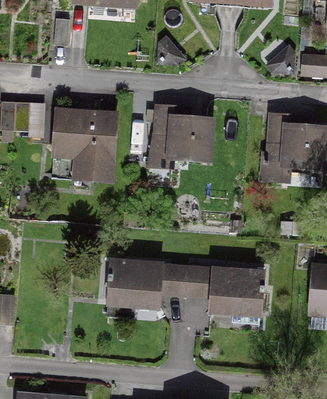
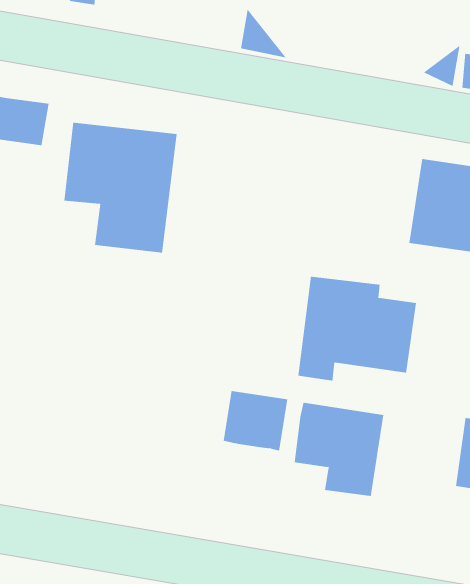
building: [151,108,219,170] -> [297,276,417,381]
building: [105,260,161,315] -> none

